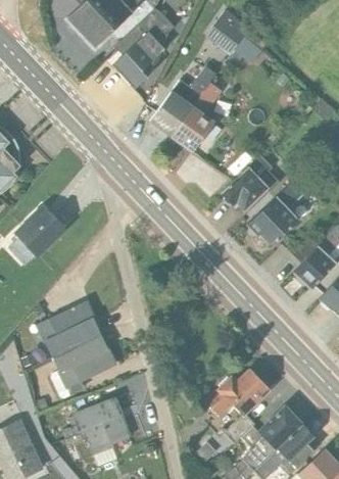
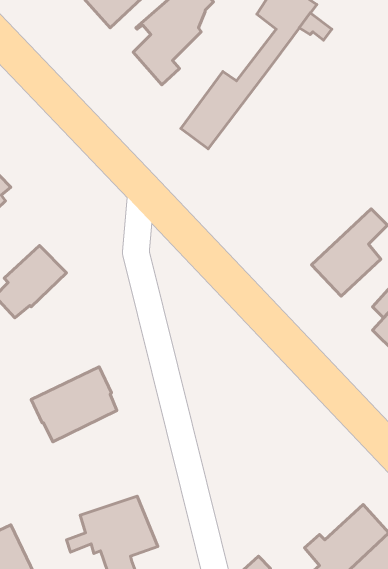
building: [169,77,228,152] -> none
building: [221,154,280,211] -> none
building: [52,333,118,397] -> none
building: [206,370,270,442] -> none

